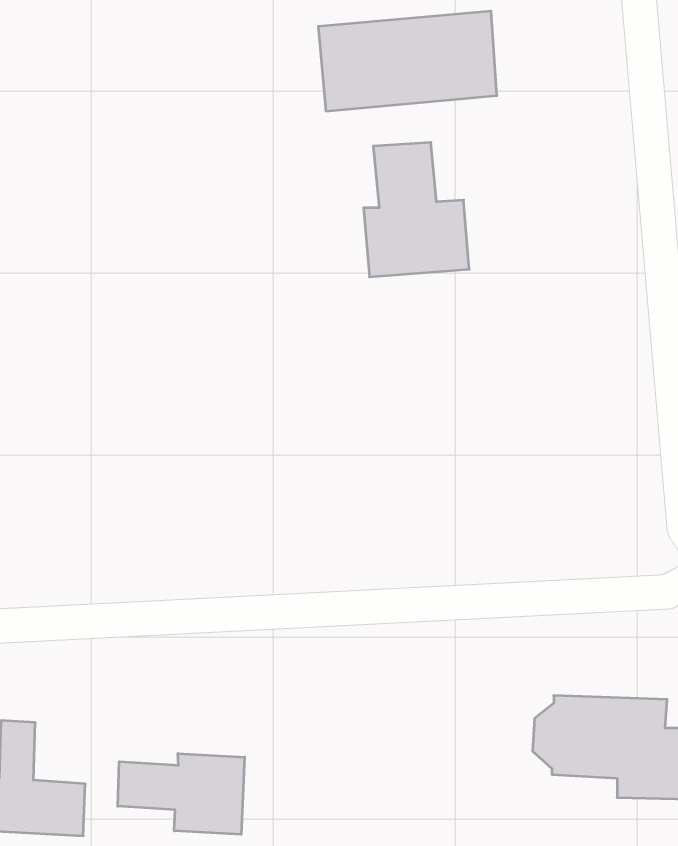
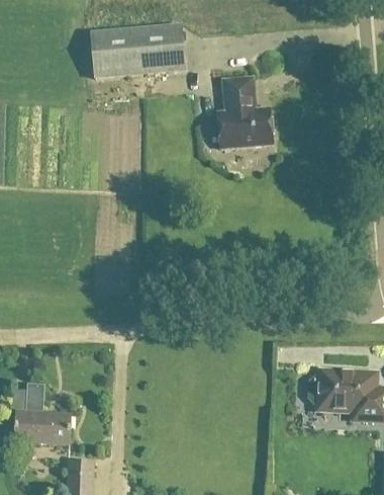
building: [318,11,497,111] -> [90,23,184,76]
building: [118,753,245,834] -> none

